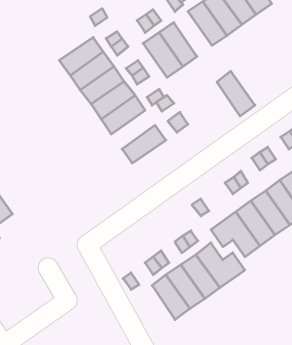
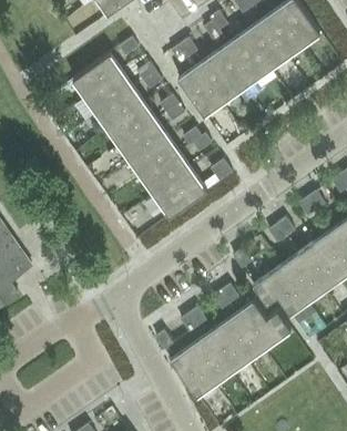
building: none -> [72,54,122,98]
building: [217,71,255,116] -> [212,43,254,93]
building: none -> [142,153,191,196]
building: none -> [170,348,213,398]

